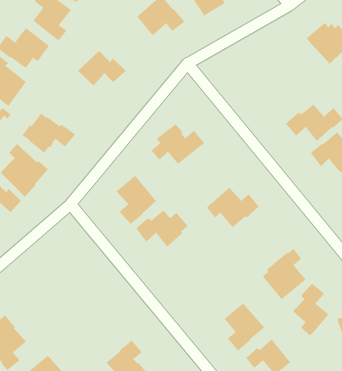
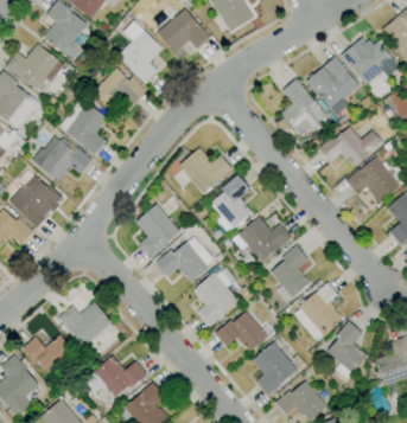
building: none -> [116,21,163,84]
building: none -> [306,57,360,115]
building: none -> [280,78,327,136]
building: none -> [58,98,107,154]
building: none -> [210,174,252,241]
building: none -> [269,245,310,302]
building: none -> [192,271,237,326]
building: none -> [58,302,112,347]
building: none -> [215,312,267,353]
building: none -> [23,334,75,376]
building: none -> [85,355,146,397]

